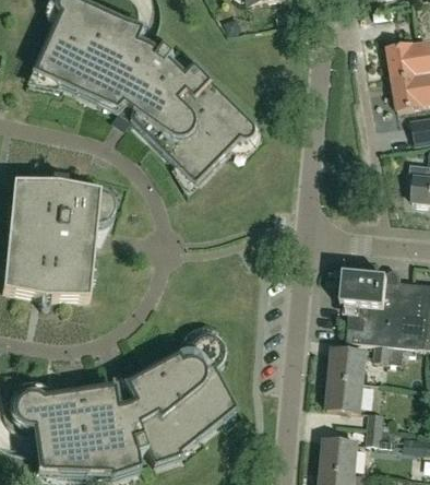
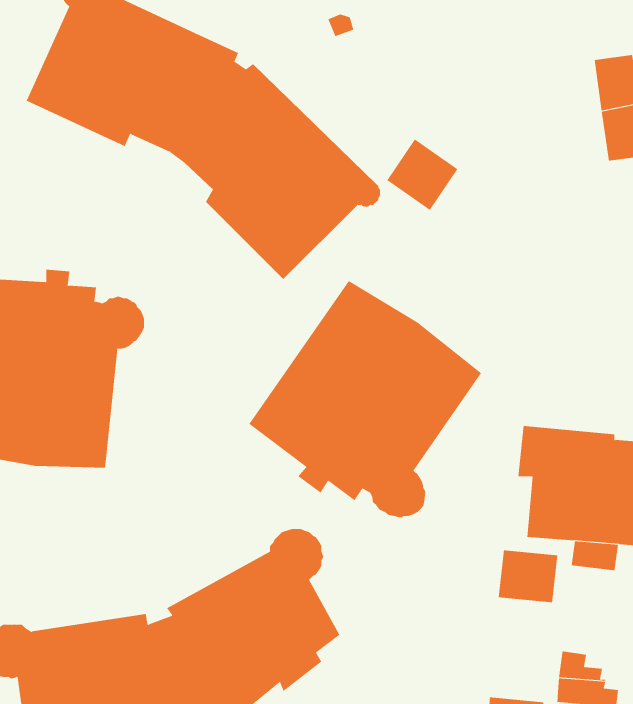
building: none -> [386,139,458,211]
building: none -> [248,280,482,518]
building: [326,378,362,411] -> none

